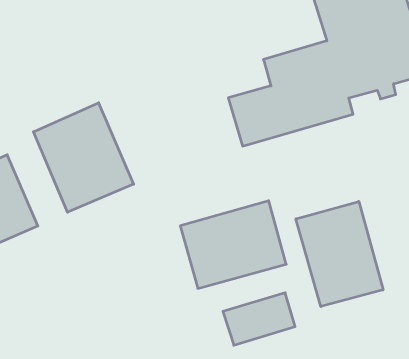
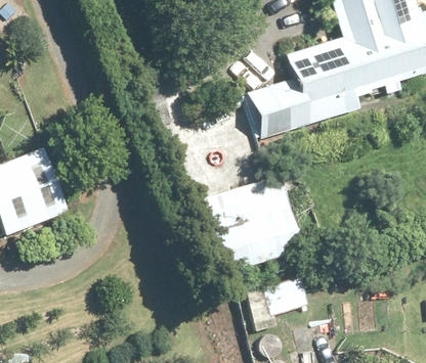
building: [33,103,134,212] -> none
building: [296,201,383,307] -> none

